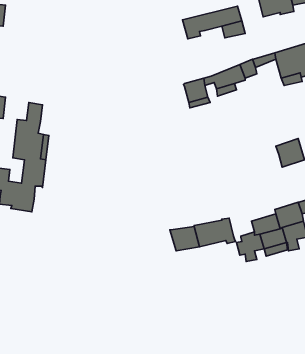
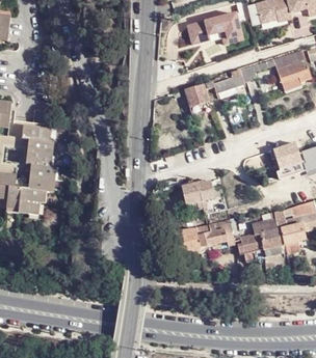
building: none -> [182,181,215,205]

